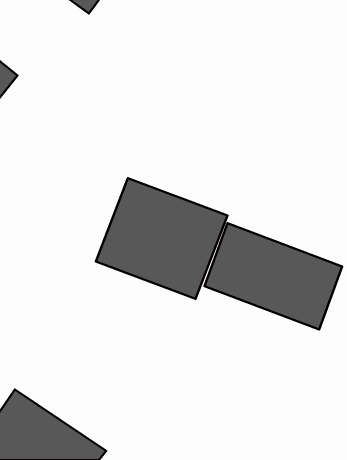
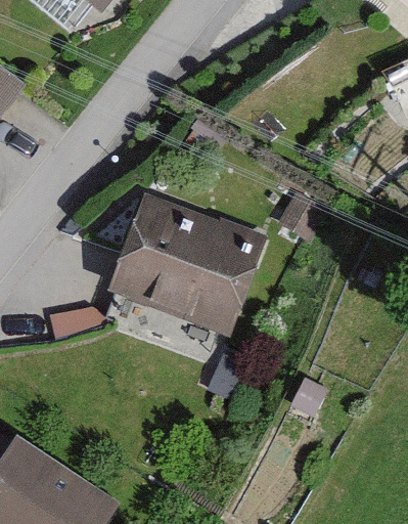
building: [205,223,342,329] -> none

